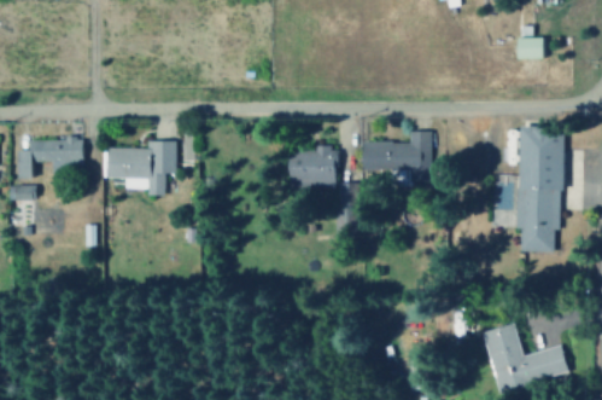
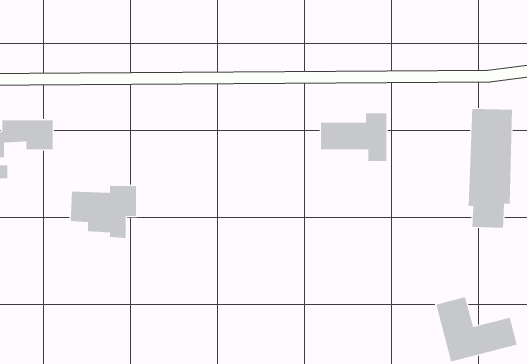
building: [516,36,543,59] -> none
building: [106,140,176,196] -> [70,185,137,238]
building: [287,146,338,189] -> none

